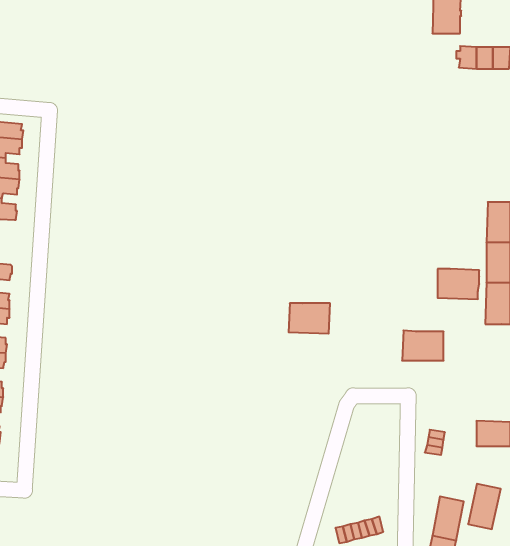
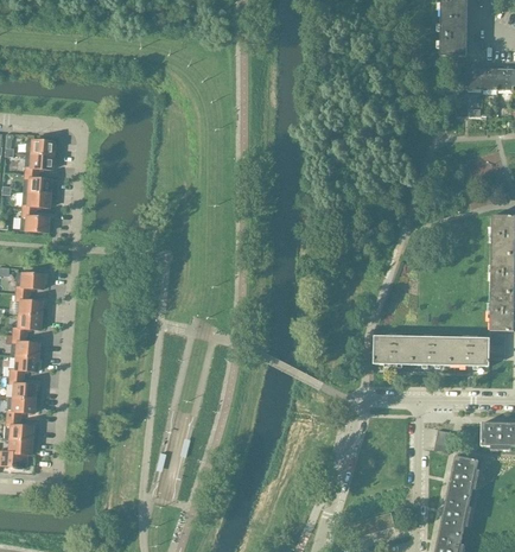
building: [438,269,479,299] -> [451,337,490,366]
building: [289,303,330,334] -> [374,336,413,364]
building: [468,484,501,529] -> [447,455,478,497]

